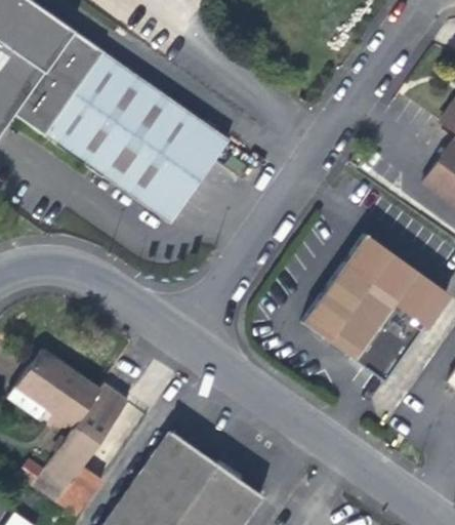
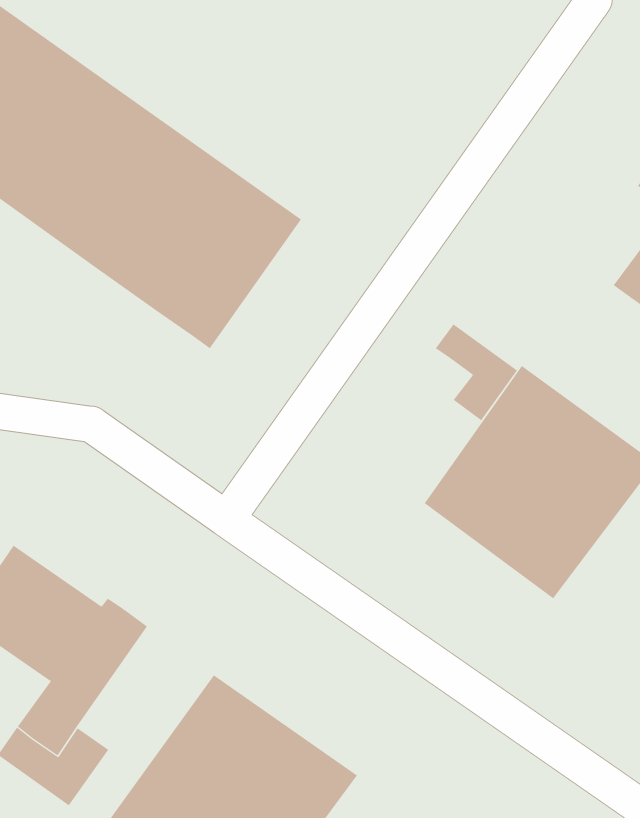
building: none -> [435,323,518,421]

